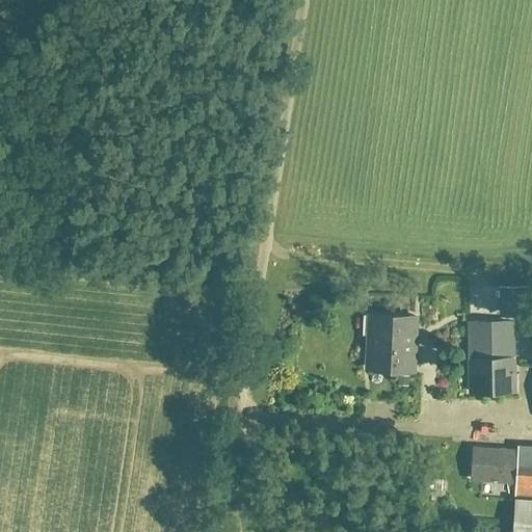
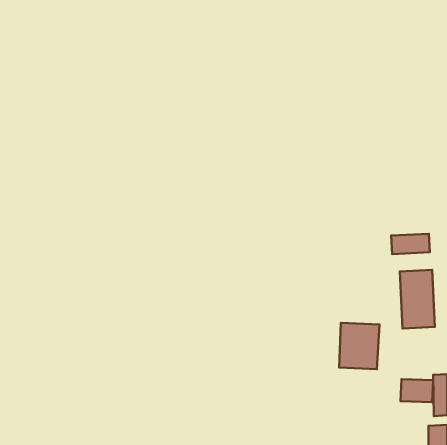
building: none -> [391,234,430,254]
building: [369,315,417,370] -> [339,323,379,369]

